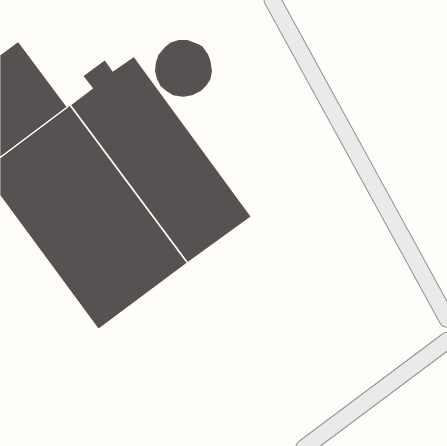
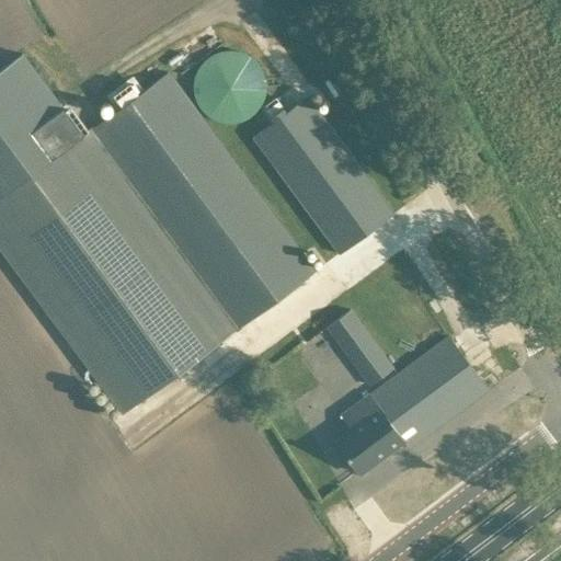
building: none -> [251,100,392,256]
building: none -> [327,311,392,387]
building: none -> [335,337,488,474]

